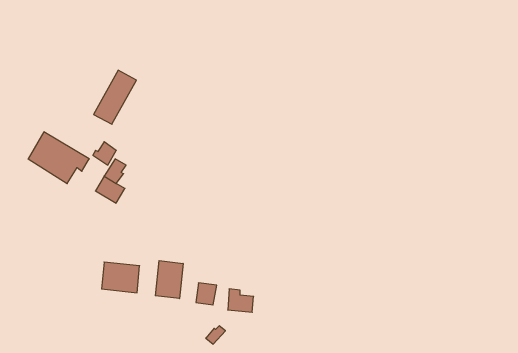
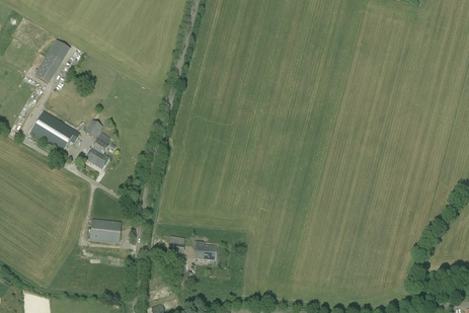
building: [94,70,136,124] -> [34,38,70,83]
building: [155,261,183,299] -> none

